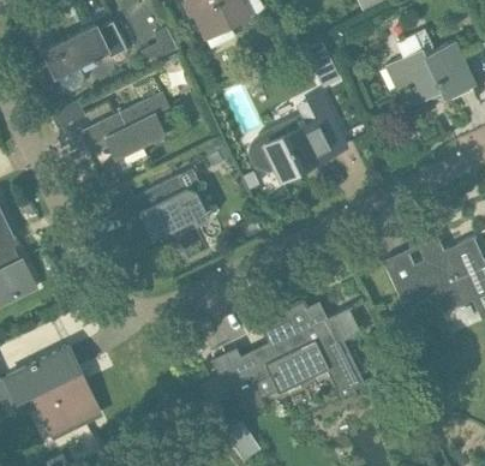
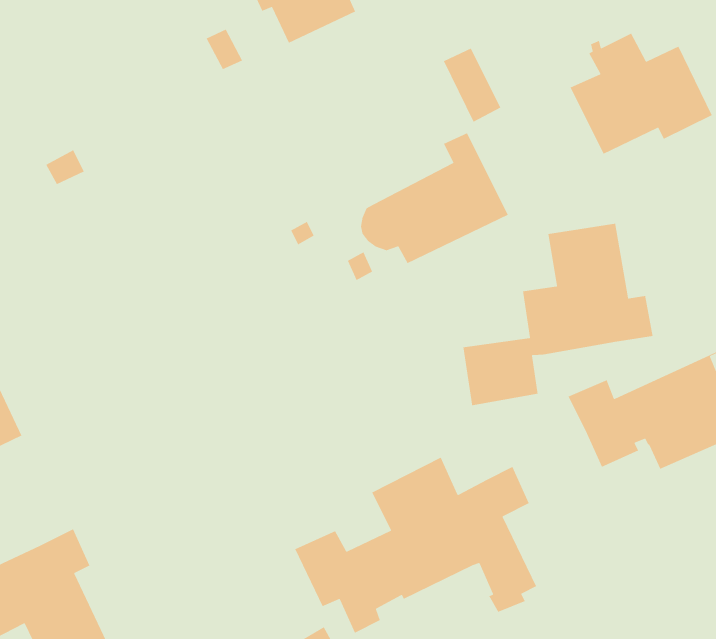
building: [42,22,127,92] -> none
building: [82,94,170,159] -> none
building: none -> [463,223,654,406]
building: [122,175,208,240] -> none

